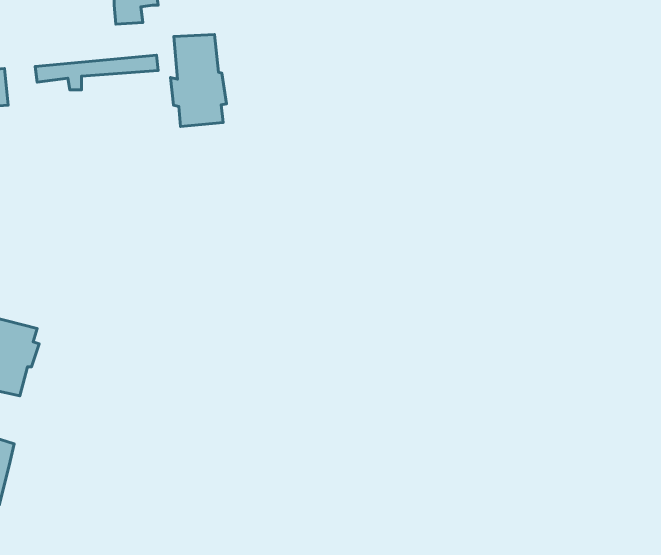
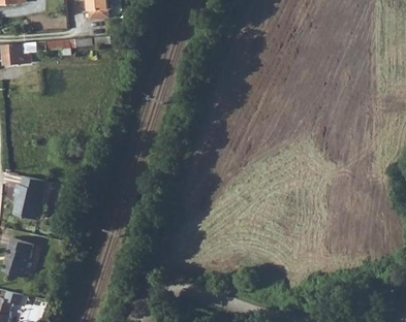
building: [171,34,226,127] -> none

